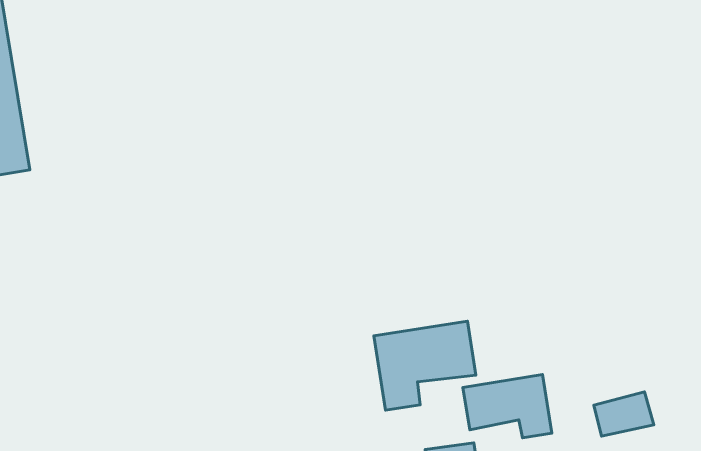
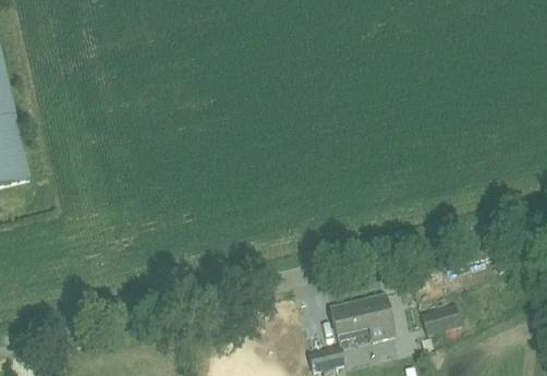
building: [374,321,476,410] -> none

